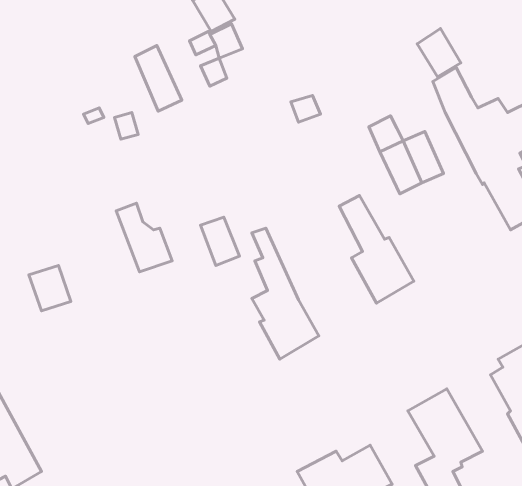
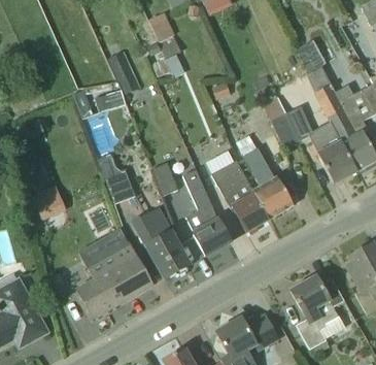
building: none -> [312,136,357,182]
building: none -> [213,161,269,231]
building: none -> [132,205,189,277]
building: none -> [74,238,152,317]

